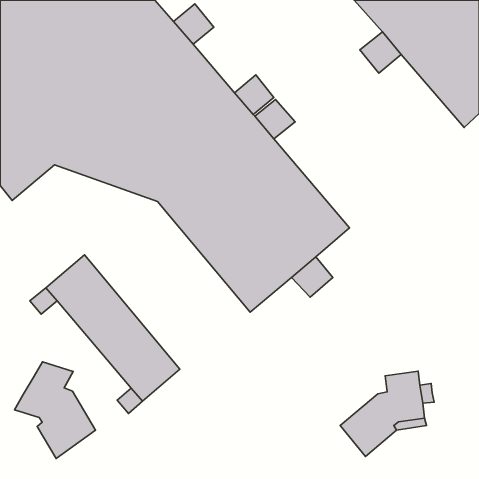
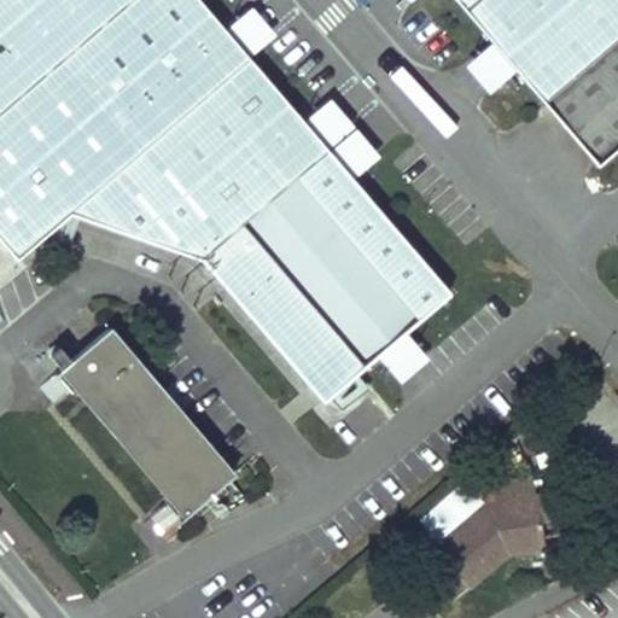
building: [14,362,96,459] -> none

